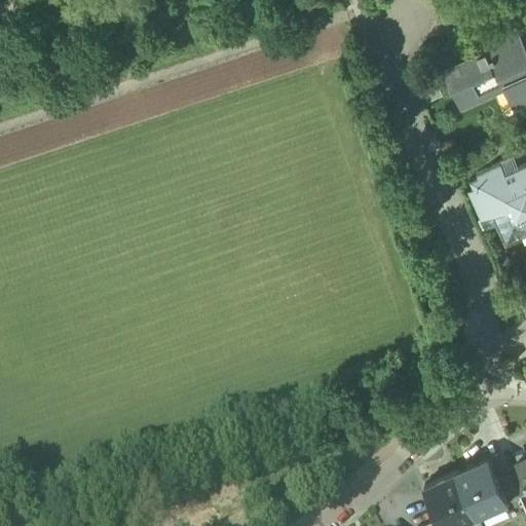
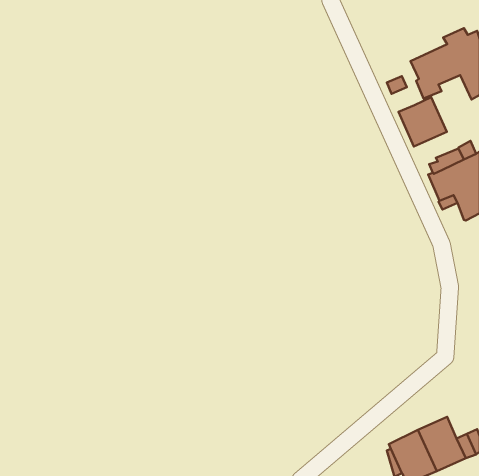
building: none -> [398,97,447,146]

